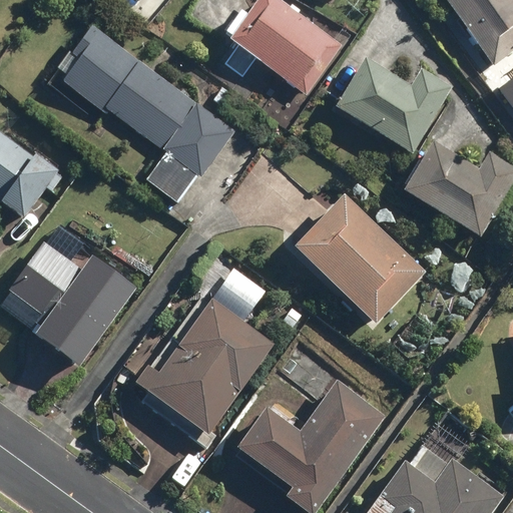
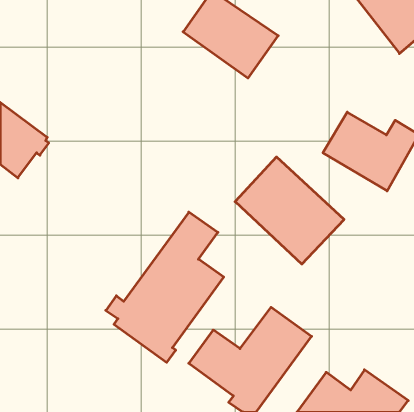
building: [48,23,236,203] -> none
building: [334,57,454,155] -> none
building: [7,240,137,368] -> none

